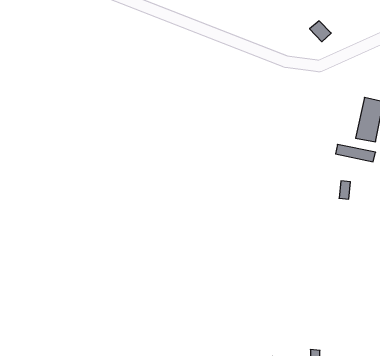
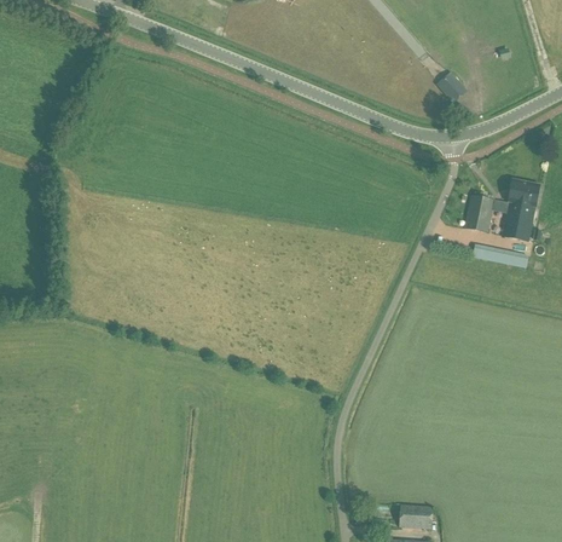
building: none -> [463,192,494,232]
building: none -> [399,503,433,527]

